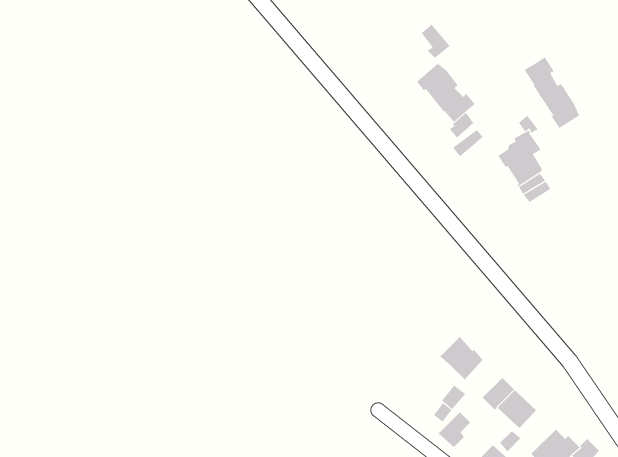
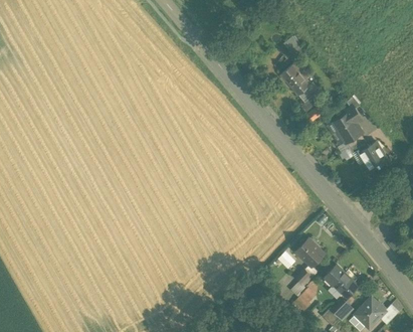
building: [524,56,583,129] -> none
building: none -> [360,141,388,170]

